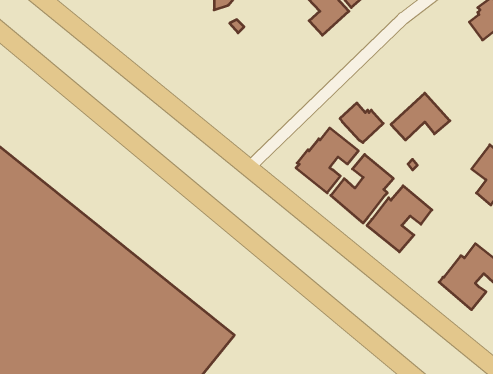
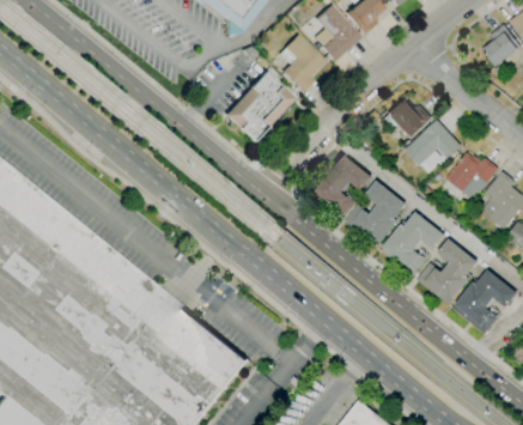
building: none -> [282,34,327,93]
building: none -> [225,72,294,142]
building: [340,103,383,143] -> [389,98,432,138]
building: none -> [446,152,499,192]
building: none -> [416,238,479,306]

